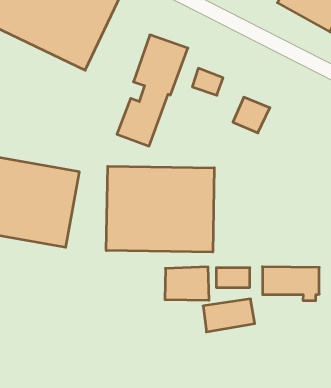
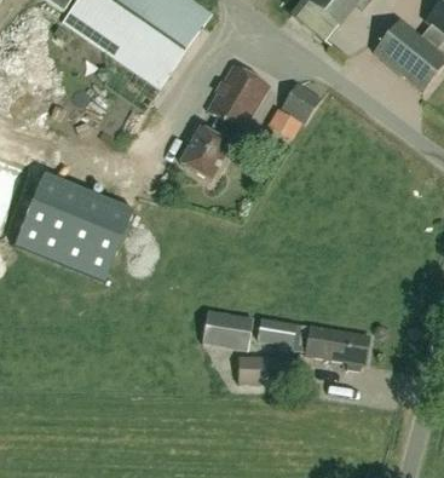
building: [233,97,270,133] -> [279,83,321,123]
building: [106,166,214,252] -> none

